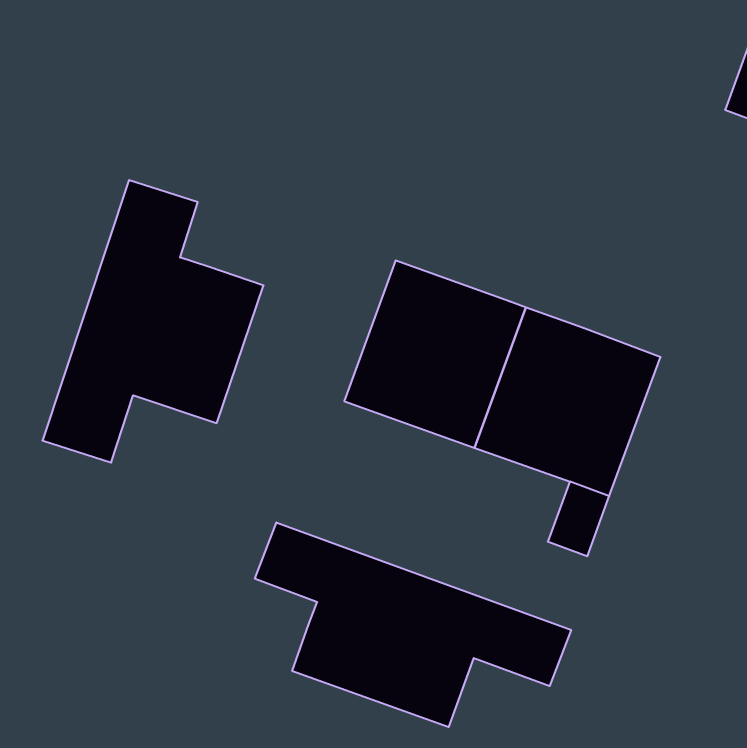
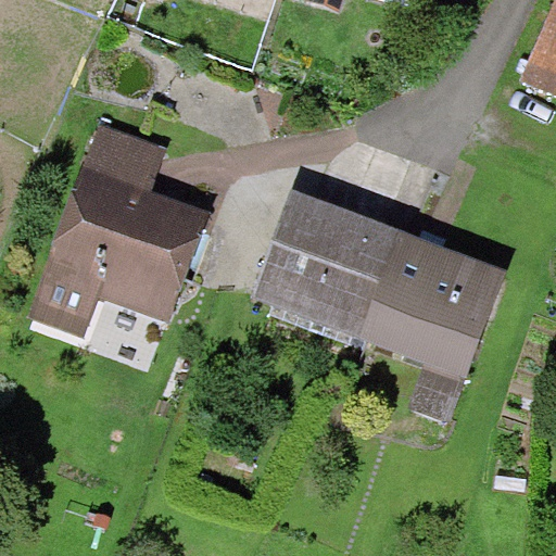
building: [255,522,571,727] -> none

